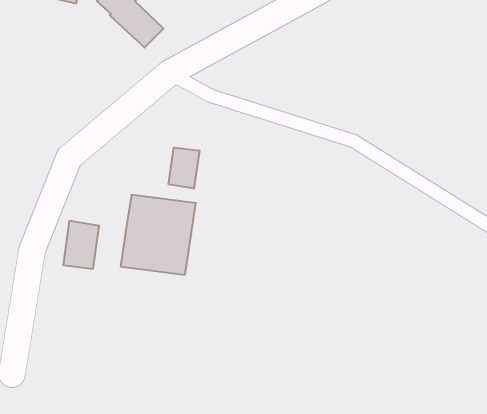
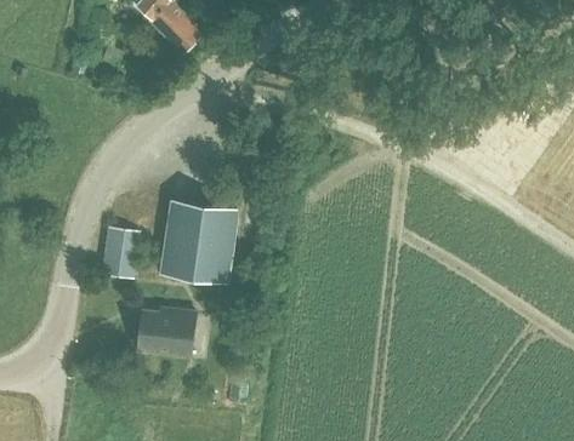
building: [169,147,200,189] -> none
building: none -> [132,309,195,356]

